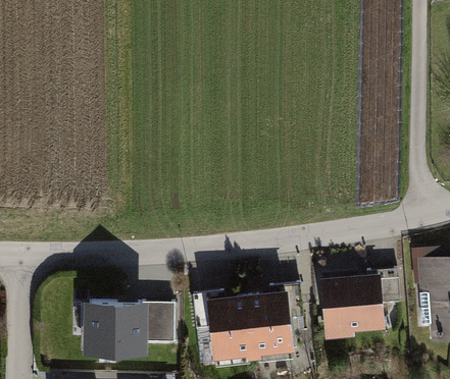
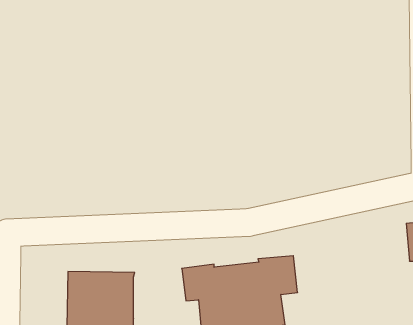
building: [320,270,401,342] -> none
building: [146,304,177,344] -> none

